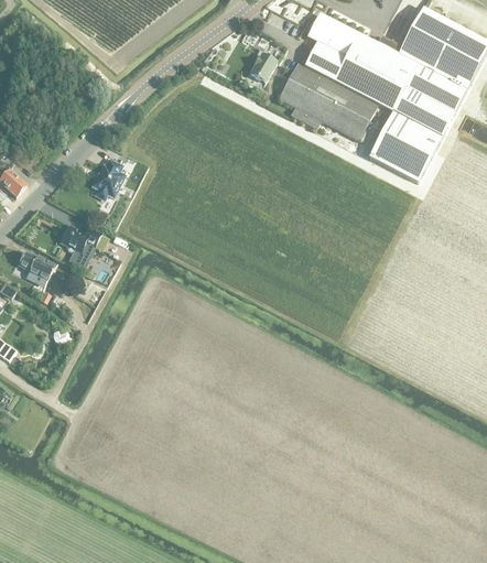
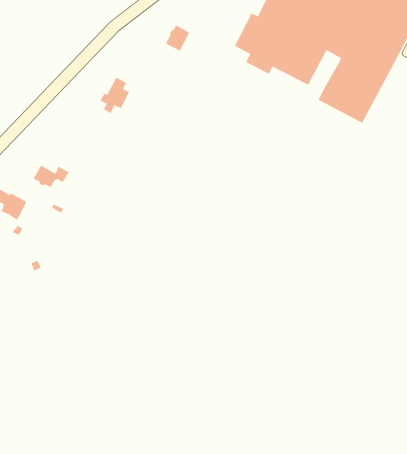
building: [249,53,277,83] -> [165,24,190,52]
building: [91,159,125,199] -> [100,76,130,114]

